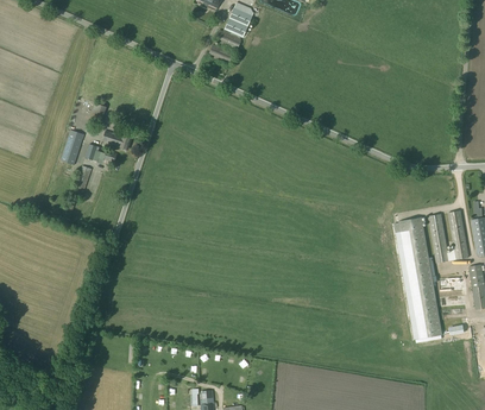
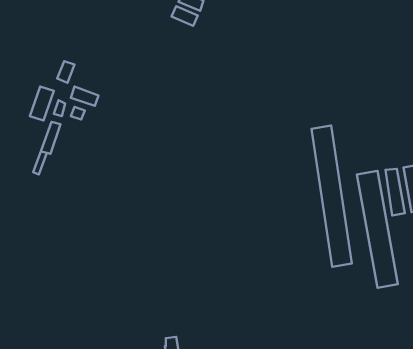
building: none -> [312,126,352,267]

